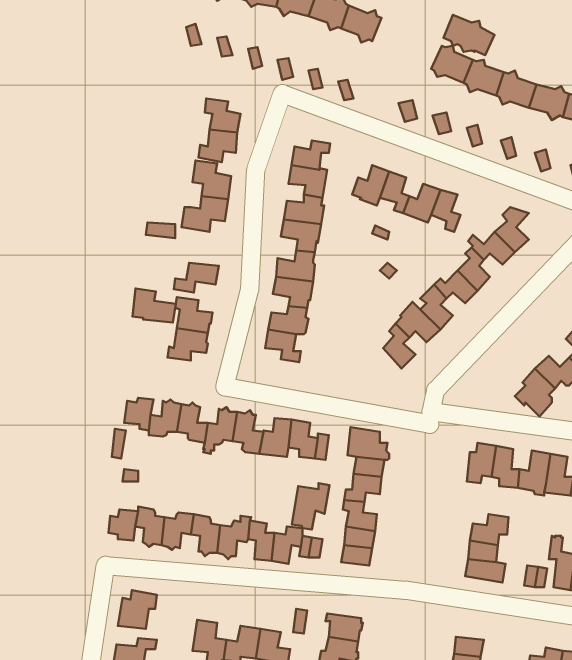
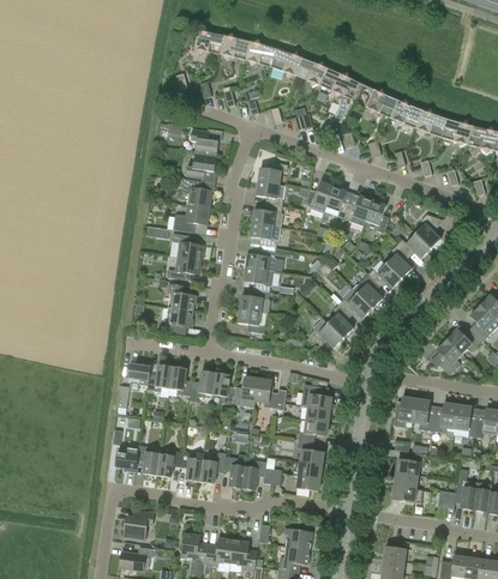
building: [443,15,495,55] -> [320,67,360,98]
building: [132,288,176,323] -> [170,233,204,259]
building: none -> [310,318,343,348]
building: [292,483,329,529] -> none

